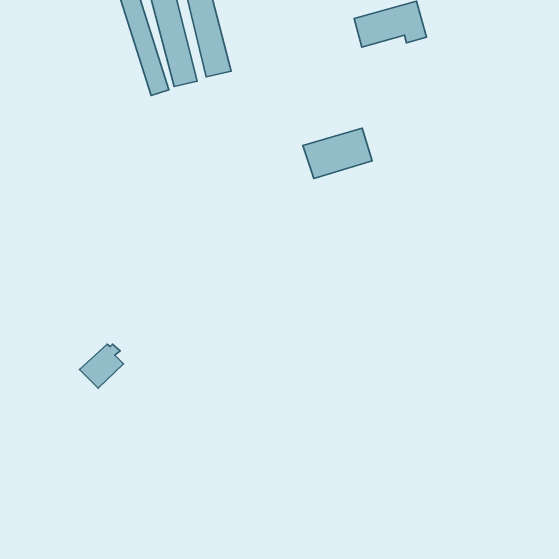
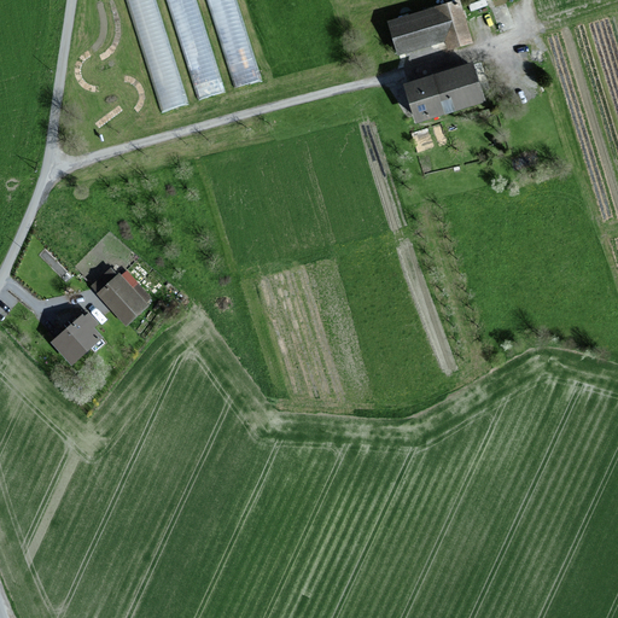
building: [303,128,372,178] -> [406,64,482,119]
building: none -> [98,274,146,322]
building: [80,344,123,388] -> [51,314,99,362]

